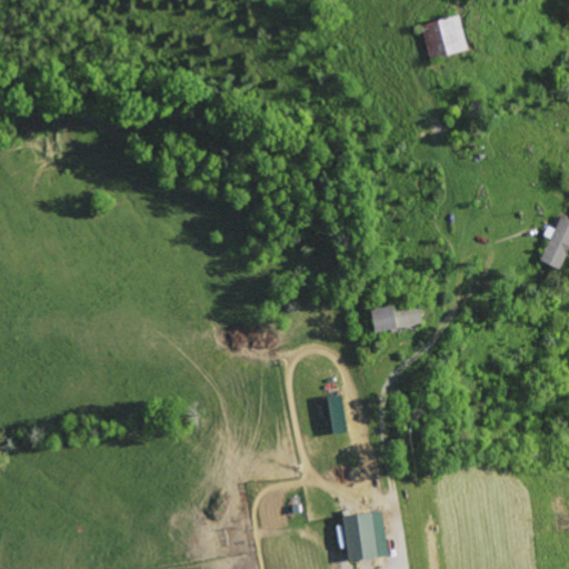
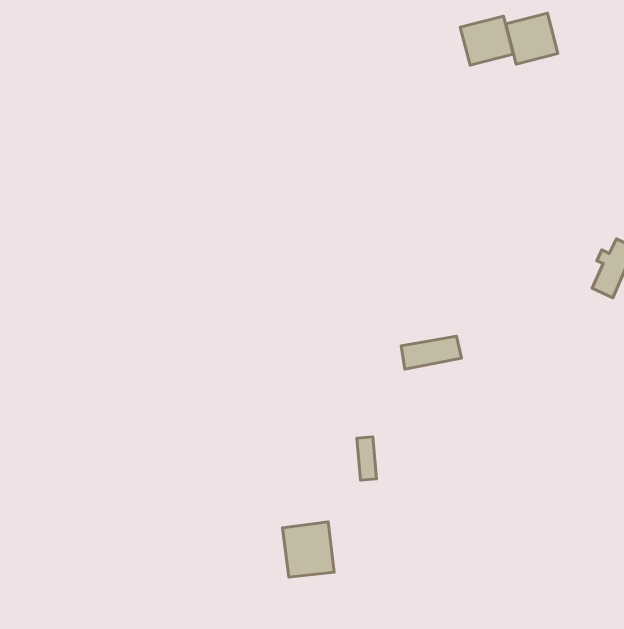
building: none -> [506,13,558,64]
building: [340,511,387,561] -> [283,522,334,577]

